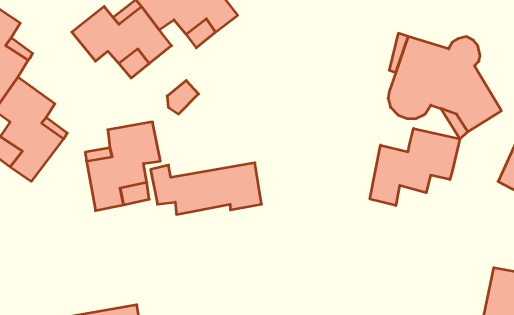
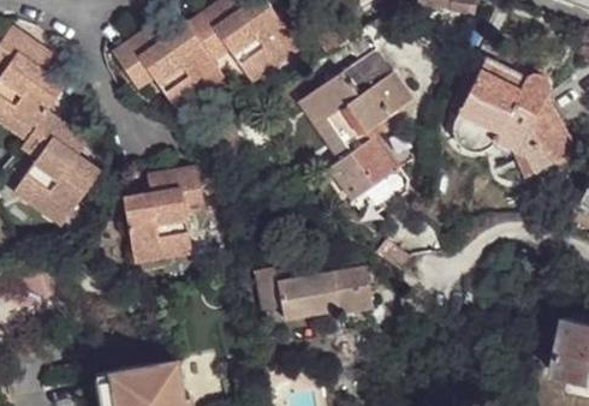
building: none -> [297,44,411,198]
building: [370,128,460,206] -> none
building: [151,163,262,214] -> [255,259,374,315]

